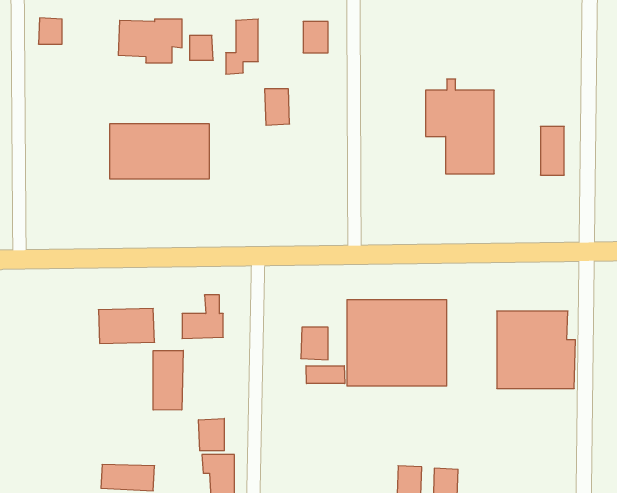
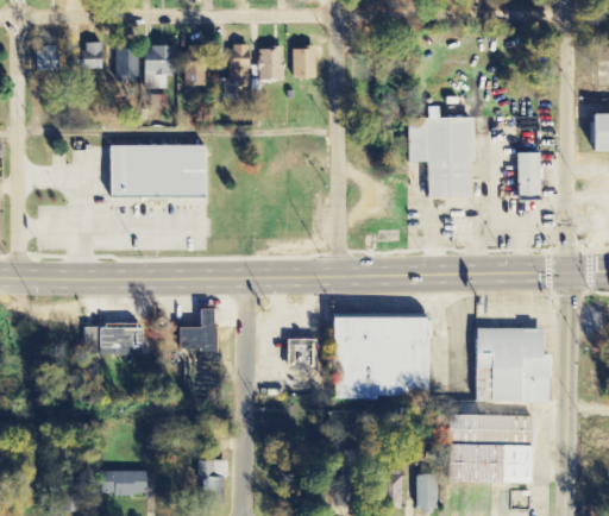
building: none -> [80,42,106,69]
building: [265,89,290,125] -> [262,46,285,81]
building: [153,350,183,410] -> none
building: [306,366,345,384] -> none
building: none -> [448,410,534,479]
building: [199,418,224,451] -> none

